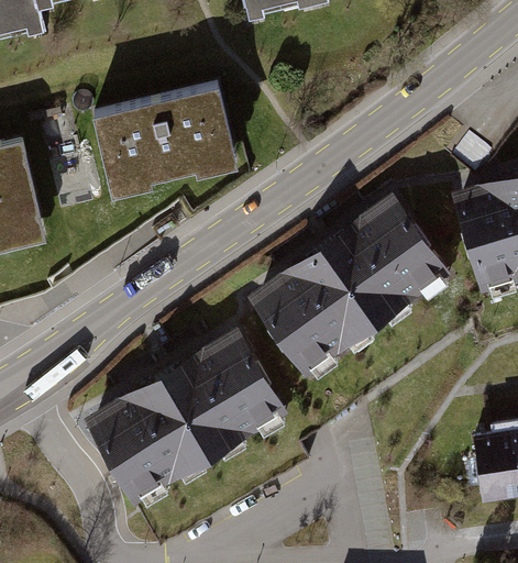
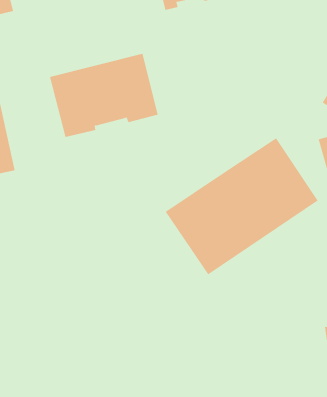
building: [81,322,287,499] -> none

